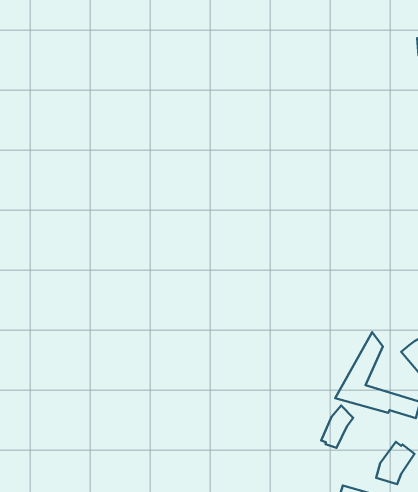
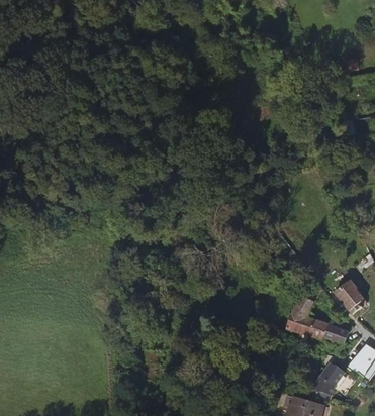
building: [321,406,353,448] -> none

